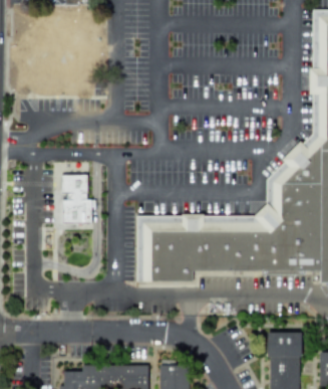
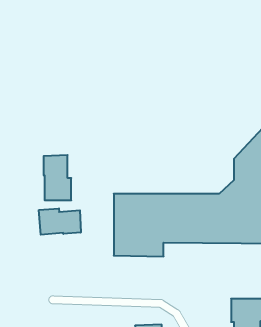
building: none -> [39,208,81,235]

